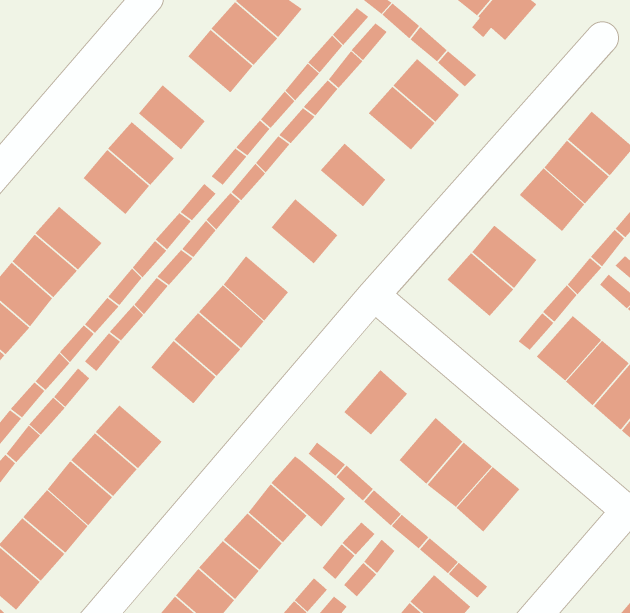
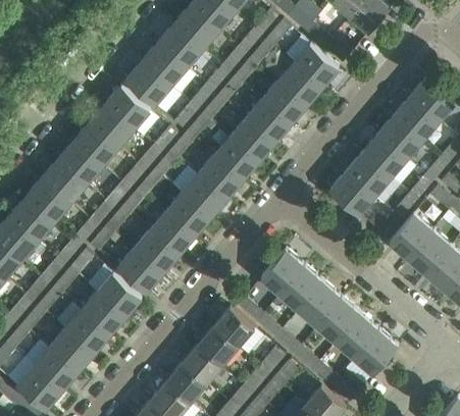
building: none -> [142,43,187,86]
building: none -> [262,81,306,124]
building: none -> [229,118,274,161]
building: none -> [73,123,117,166]
building: none -> [361,135,415,186]
building: none -> [197,156,242,199]
building: none -> [117,249,162,293]
building: none -> [279,266,322,310]
building: none -> [354,329,398,374]

